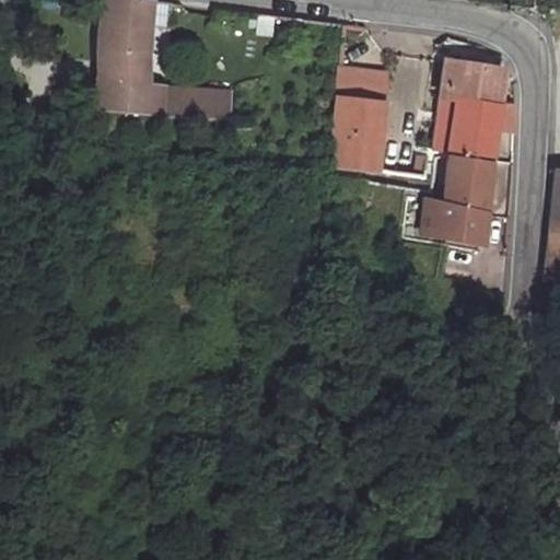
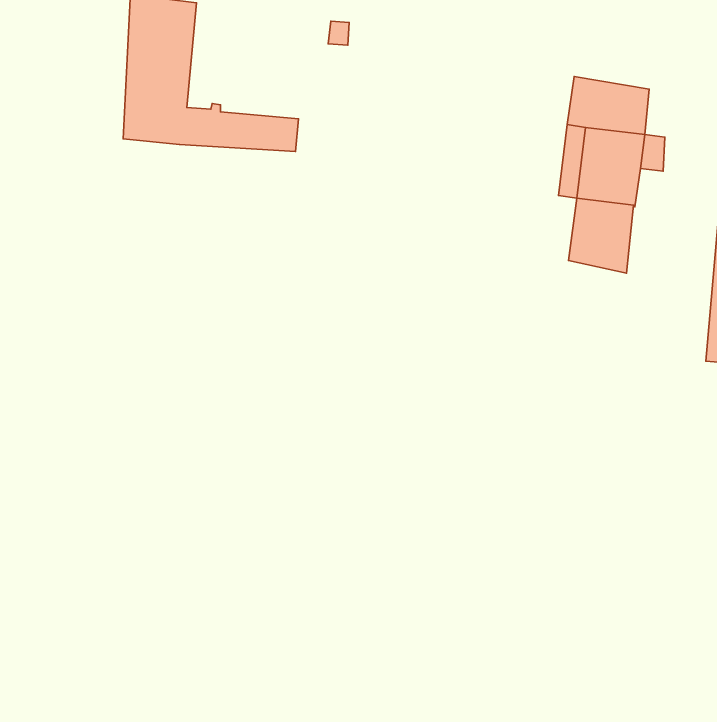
building: [331,70,386,167] -> none
building: [421,197,489,242] -> none

